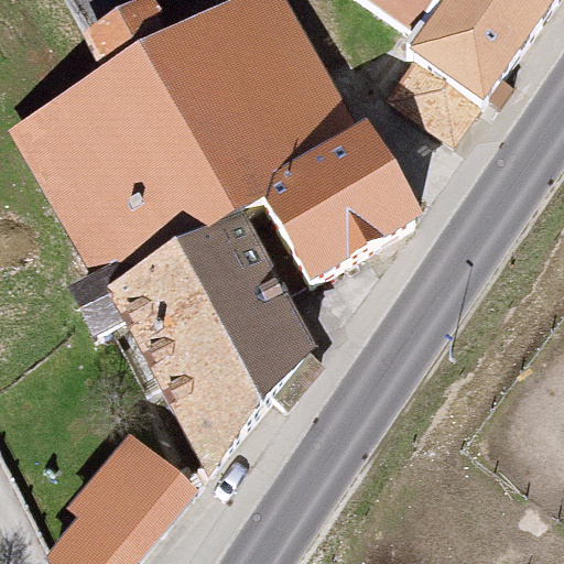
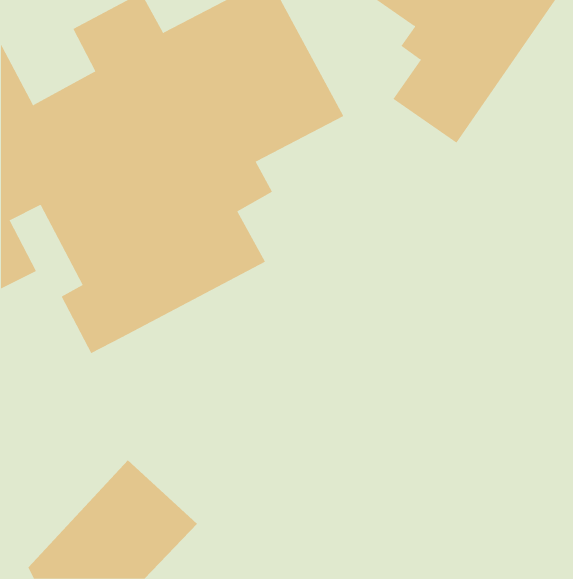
building: [271,122,415,272] -> none
building: [131,251,329,479] -> none

